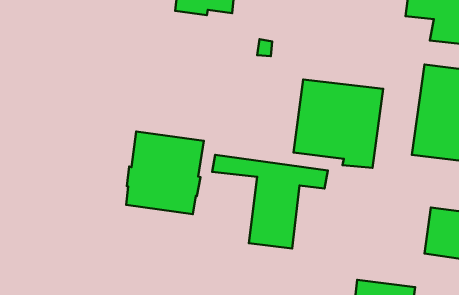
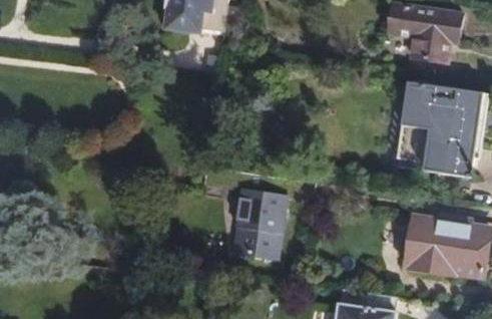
building: [294,80,383,168] -> none
building: [126,131,204,214] -> none

